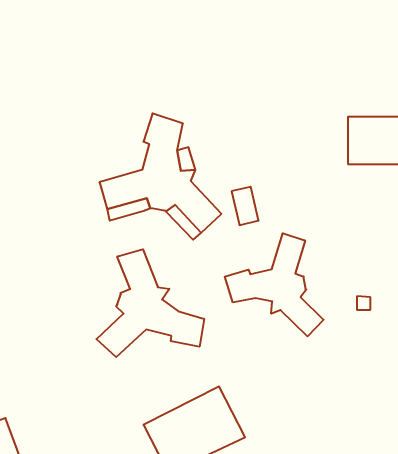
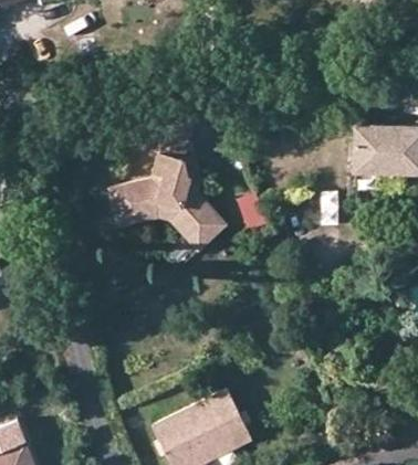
building: [225,233,324,336] -> none
building: [96,249,204,357] -> none

